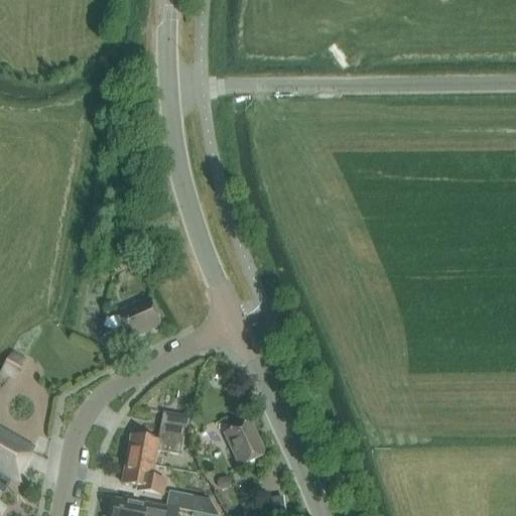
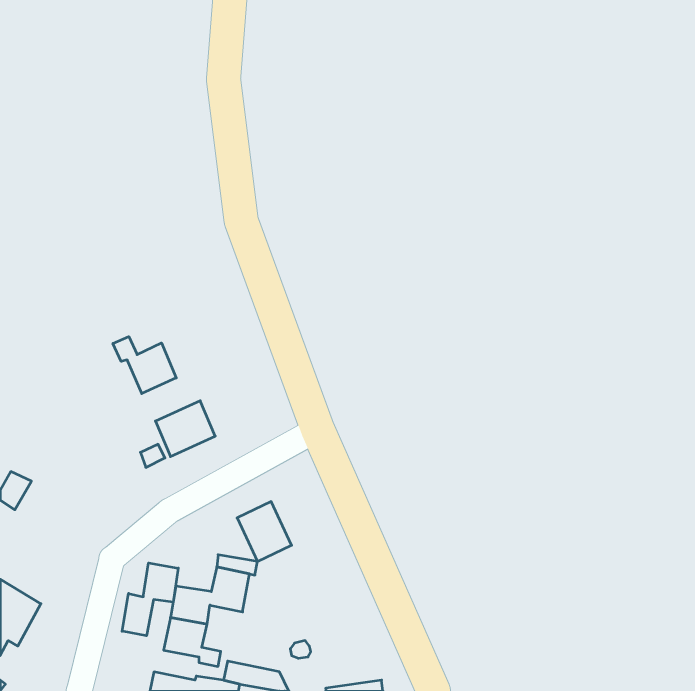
building: none -> [113,337,176,394]
building: none -> [122,563,178,636]
building: [225,419,265,464] -> [237,502,292,562]

